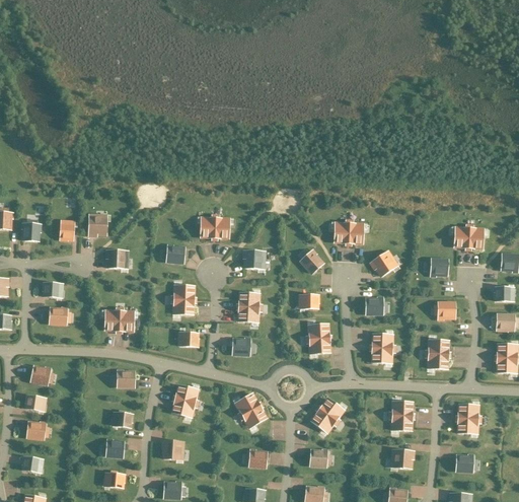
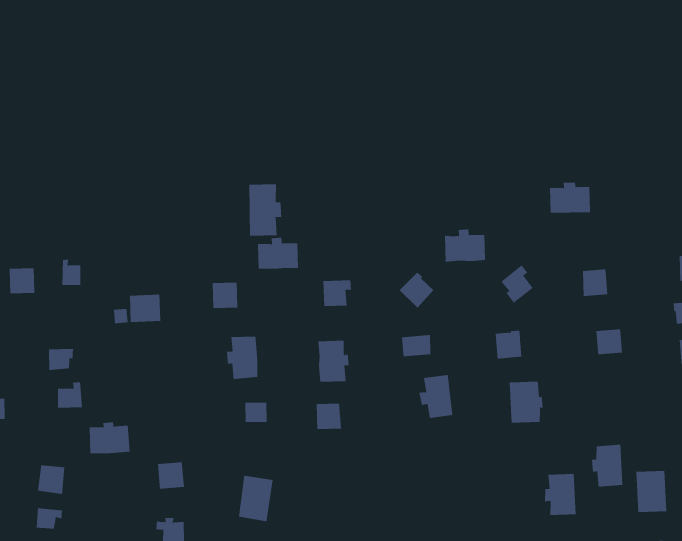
building: none -> [249,184,282,237]
building: [88,213,107,235] -> none
building: [453,226,484,249] -> [549,182,591,213]
building: [104,309,134,332] -> [89,422,131,454]
building: [427,340,449,369] -> [591,444,623,487]
building: [236,392,268,427] -> none
building: [310,398,342,431] -> none

